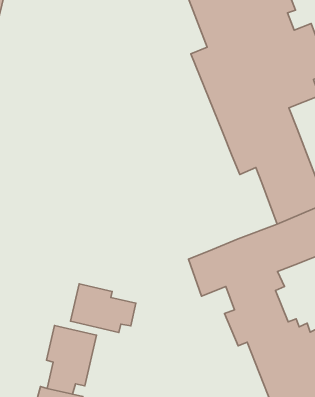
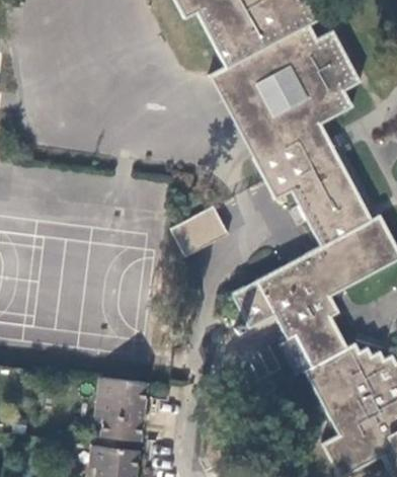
building: none -> [172,205,230,256]
building: [70,284,136,332] -> none

